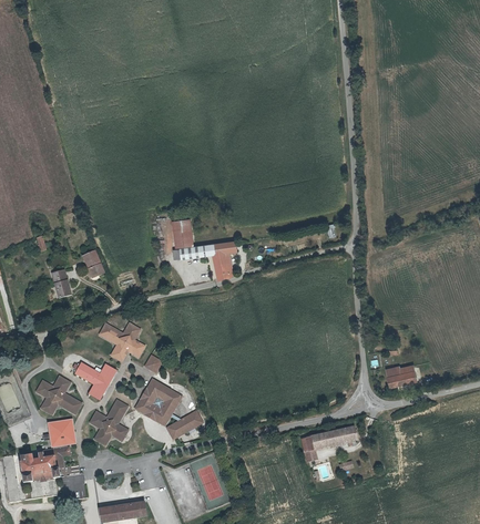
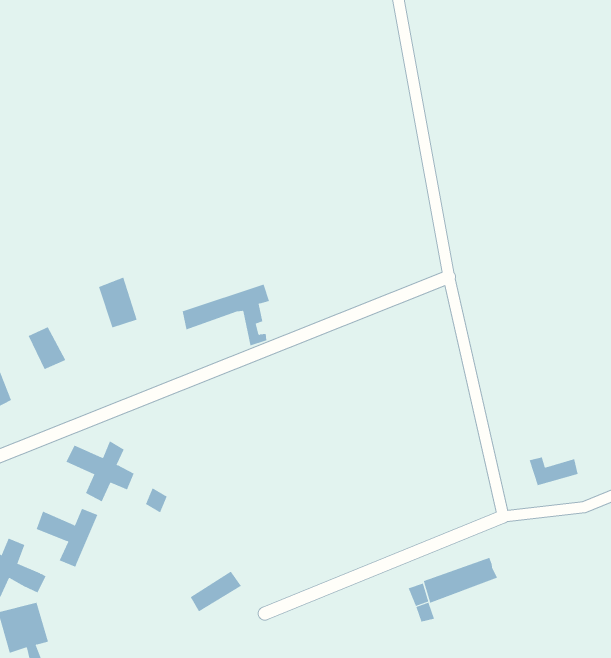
building: [173,218,195,249] -> [98,277,138,328]
building: [134,380,178,425] -> none
building: [91,401,126,445] -> none

